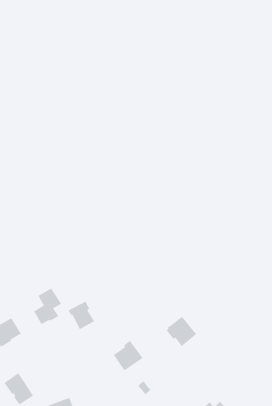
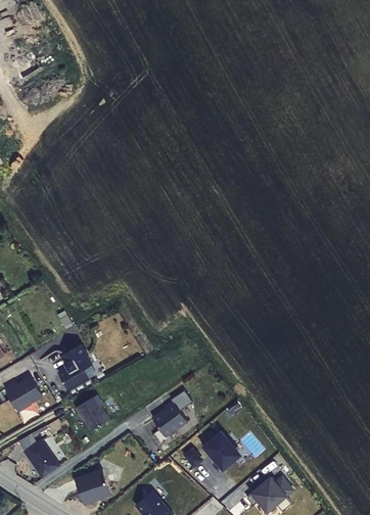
building: [67,300,95,330] -> [74,393,106,428]
building: [166,316,197,347] -> [199,433,236,470]

